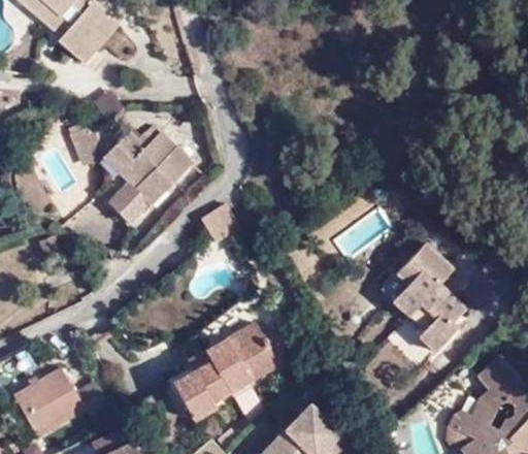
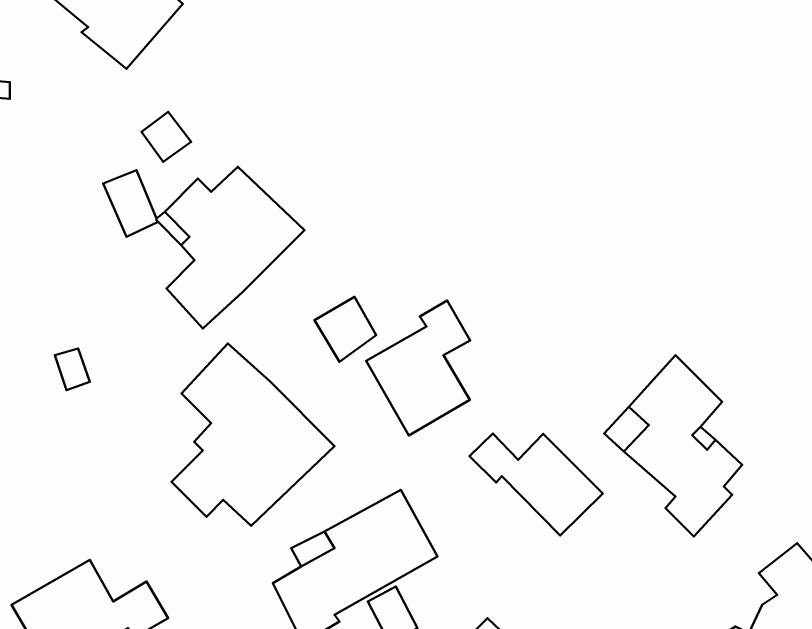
building: none -> [366,300,470,436]
building: none -> [172,343,335,526]
building: none -> [470,434,603,536]

